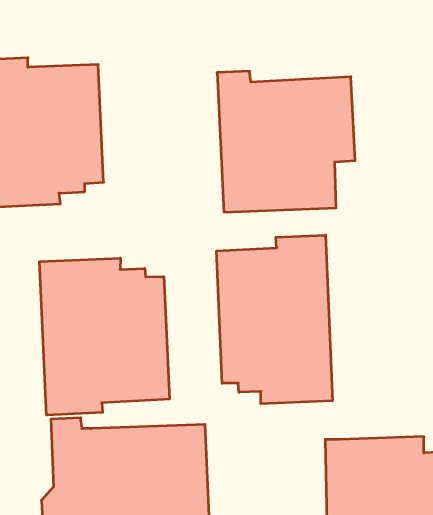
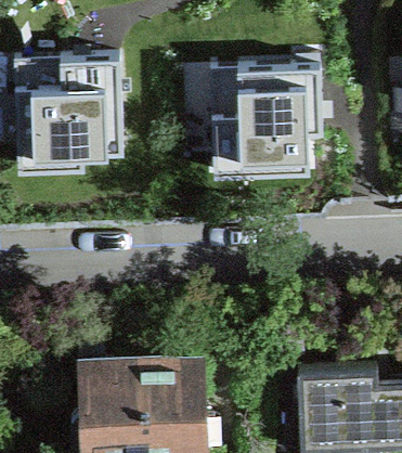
building: [217,235,332,404] -> none
building: [40,258,169,415] -> none

